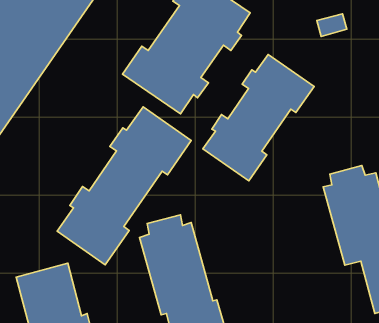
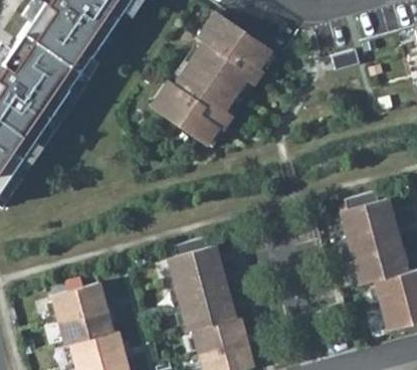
building: [203,54,314,181] -> none
building: [57,107,191,265] -> none

